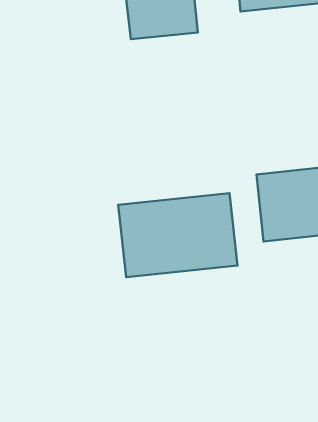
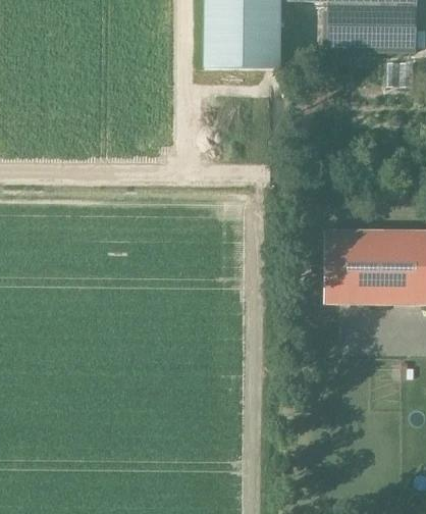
building: [118,193,237,277] -> none

